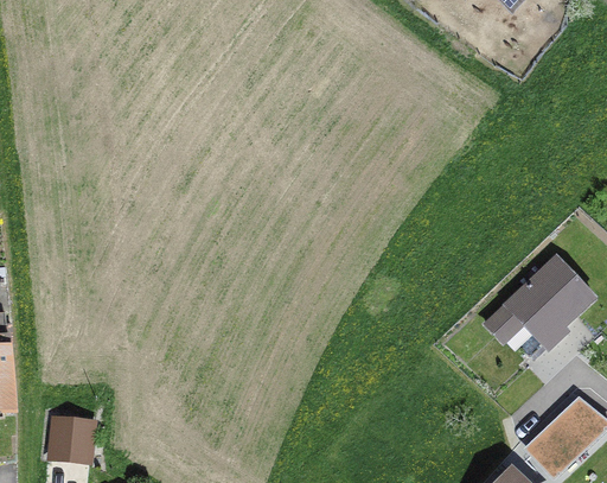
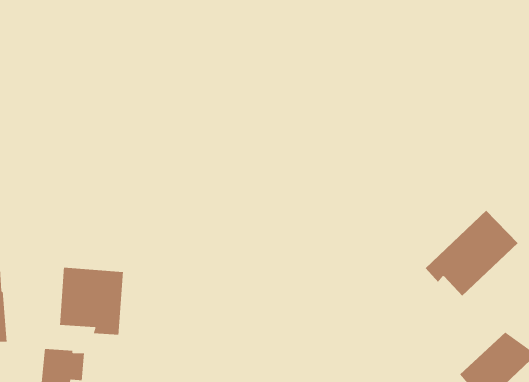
building: none -> [60,267,123,336]

